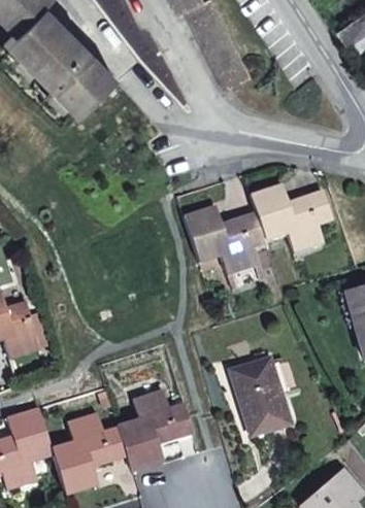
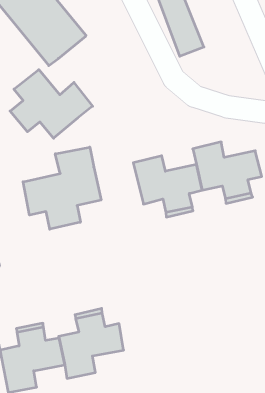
building: none -> [10,70,93,138]
building: none -> [23,147,101,229]
building: [229,358,291,436] -> none

